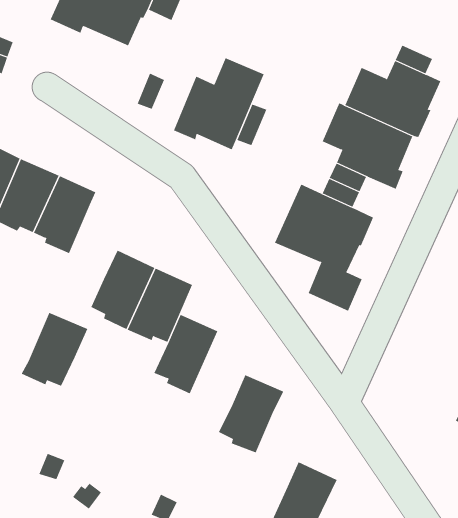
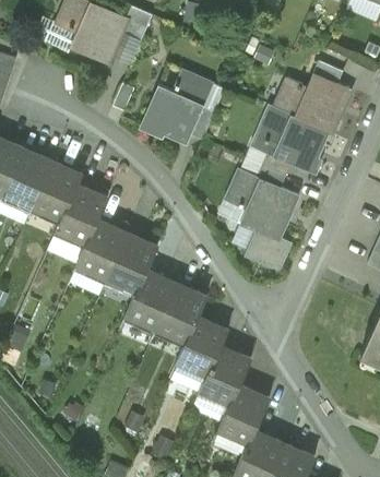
building: [21,312,88,387] -> [55,186,107,243]
building: none -> [154,284,205,343]
building: none -> [198,346,250,405]

